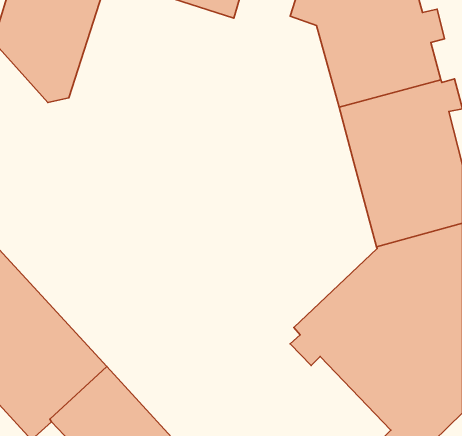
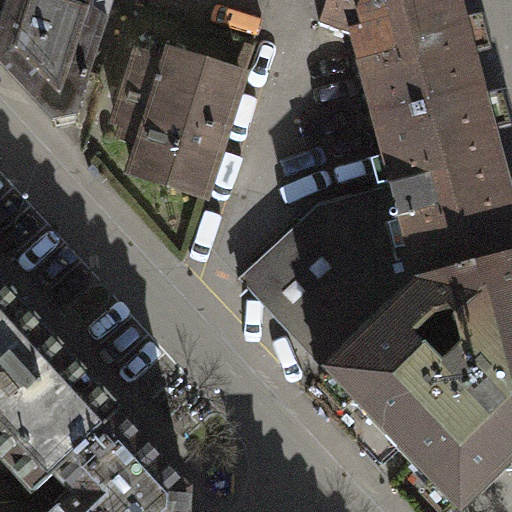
building: none -> [116,51,242,194]
building: none -> [240,185,416,367]

